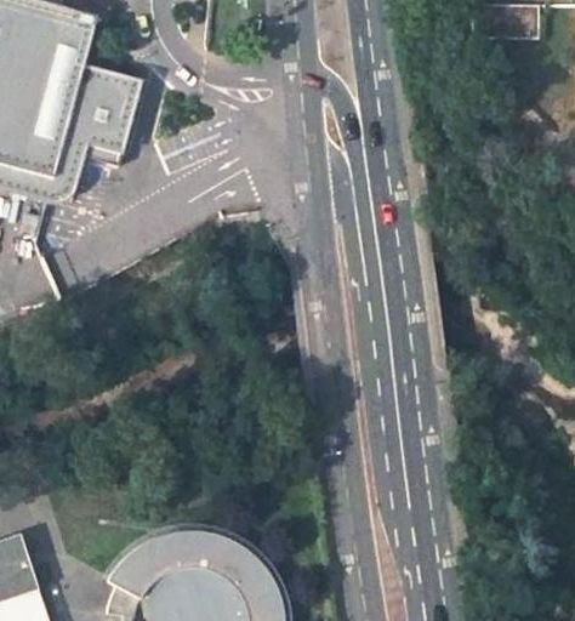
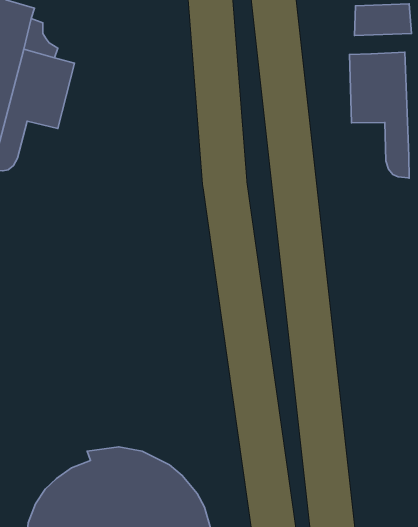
building: none -> [349,52,409,178]

